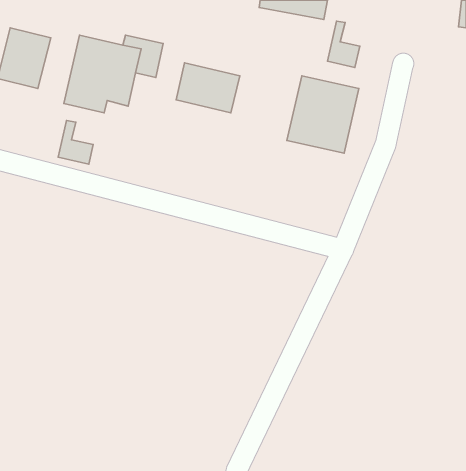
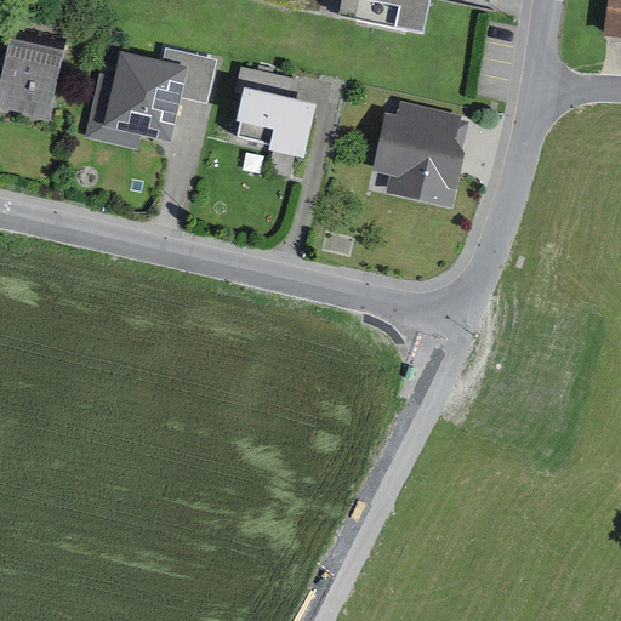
building: [327,21,360,68] -> none
building: [58,121,93,164] -> none

